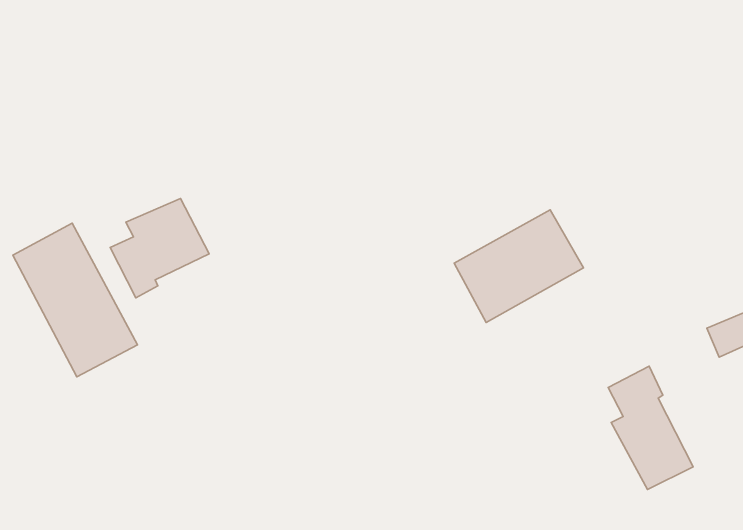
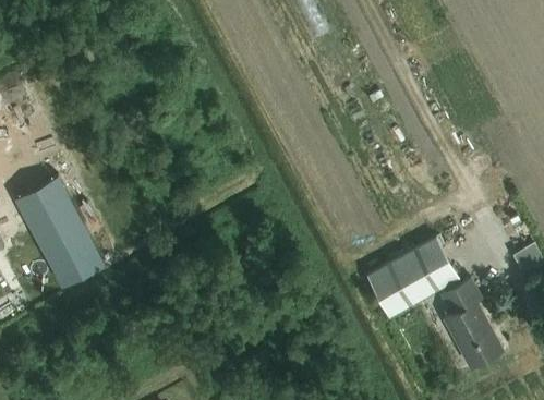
building: [110,199,209,298] -> none
building: [454,210,584,323] -> [367,238,460,318]

